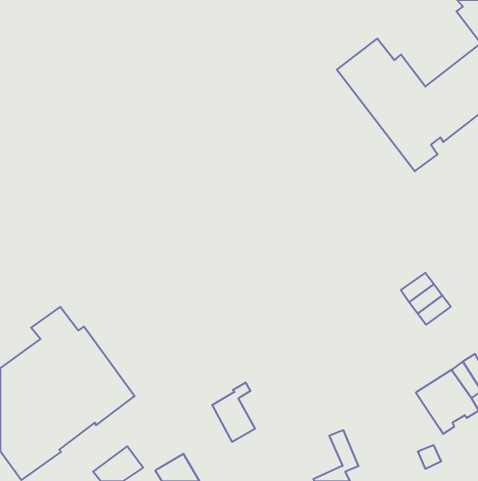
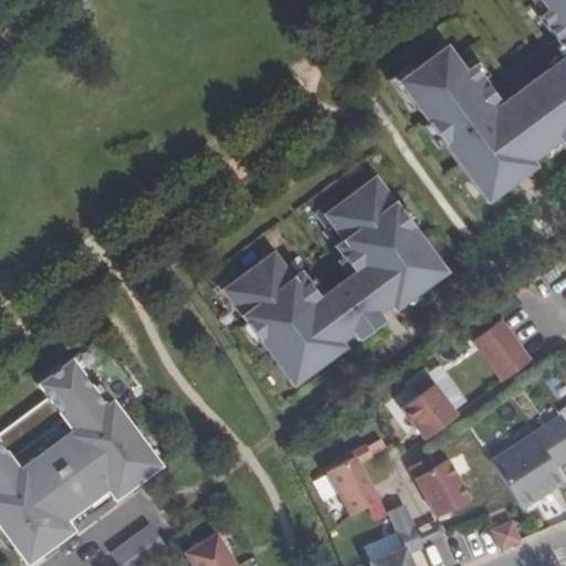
building: none -> [224,176,448,386]
building: none -> [402,375,458,440]
building: [212,383,255,442] -> [328,446,379,515]
building: none -> [411,457,472,517]

